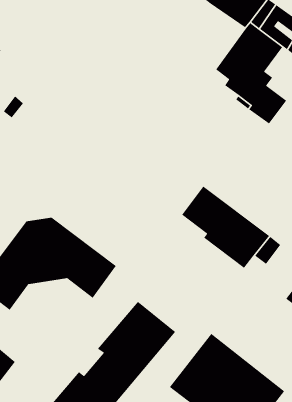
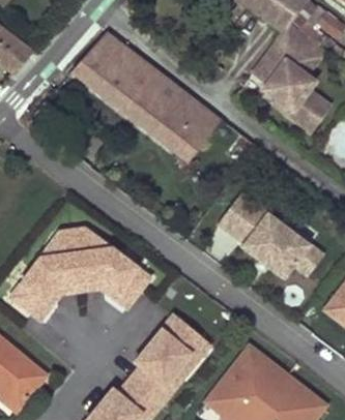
building: none -> [73,32,221,160]

